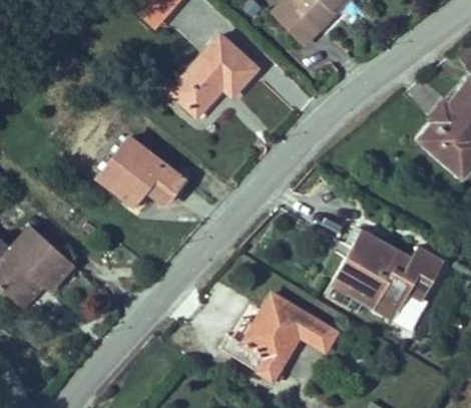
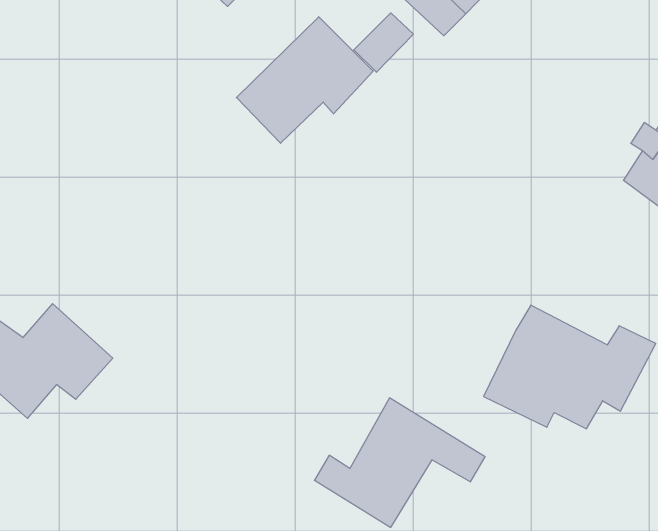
building: none -> [354,13,413,72]
building: [99,139,184,207] -> none

